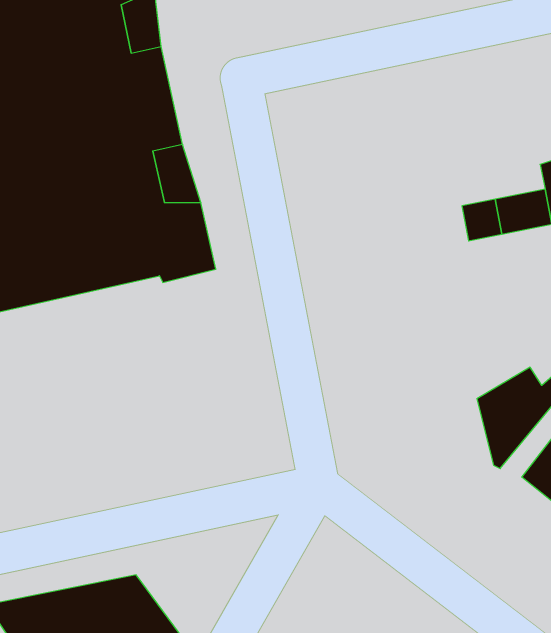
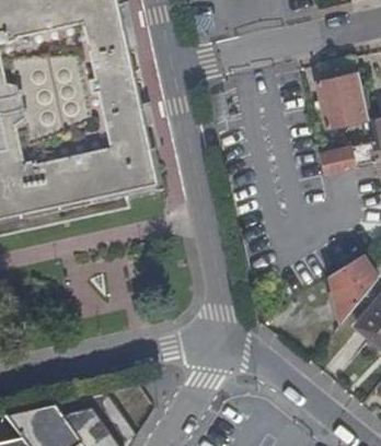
building: none -> [318,72,369,126]

